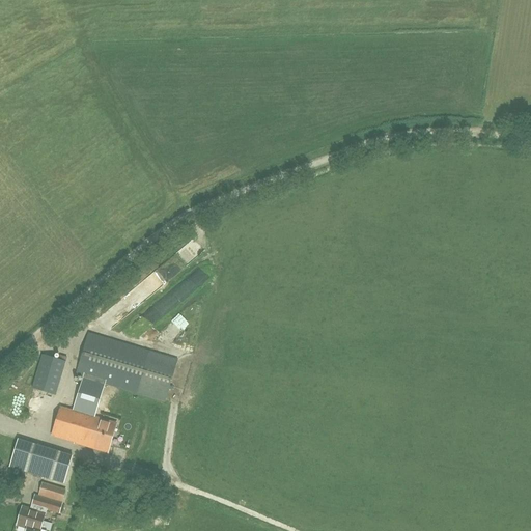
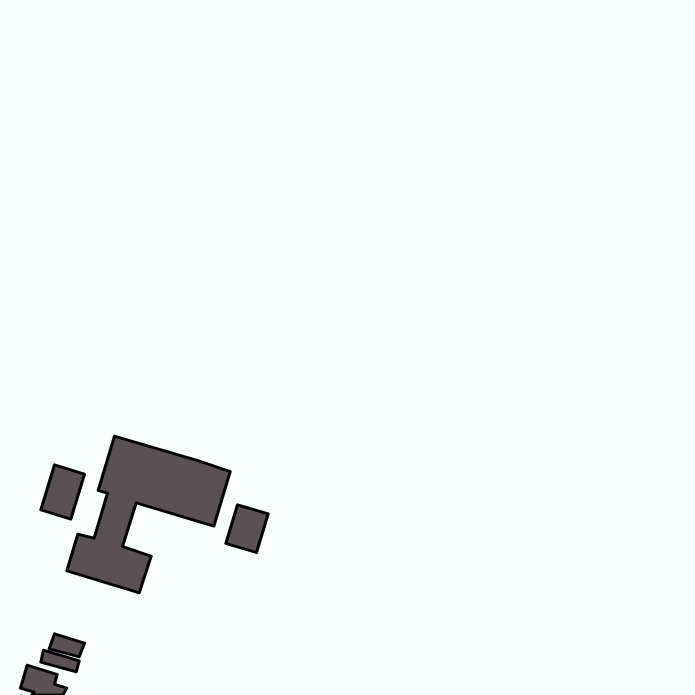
building: none -> [226,505,268,553]
building: [7,438,71,483] -> none

